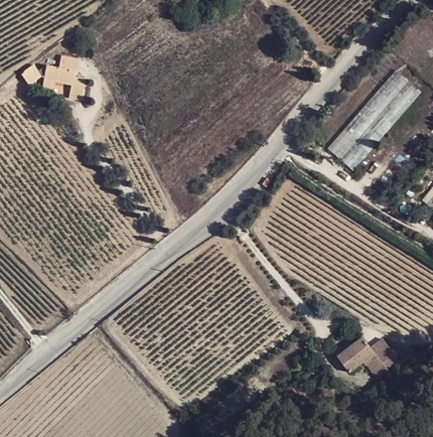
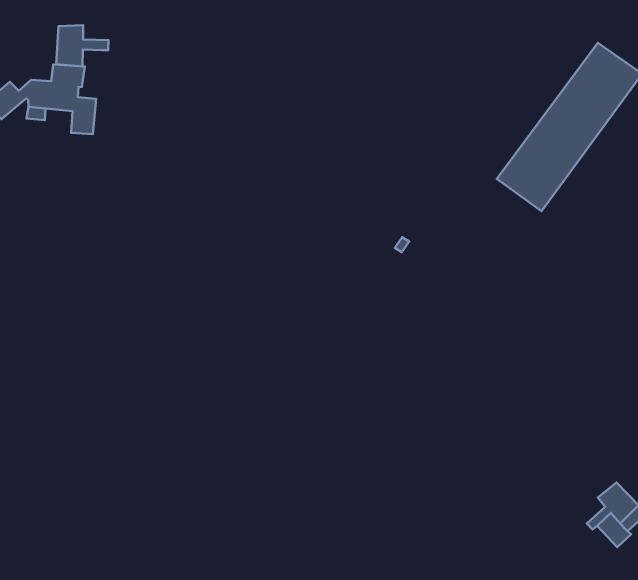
building: none -> [56,25,109,66]
building: [335,337,373,372] -> none

